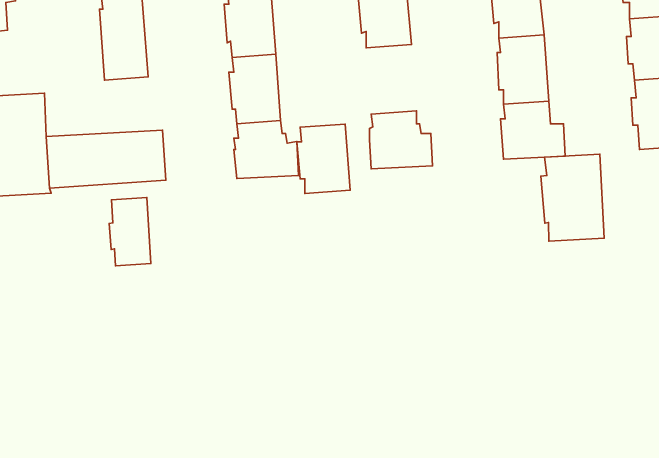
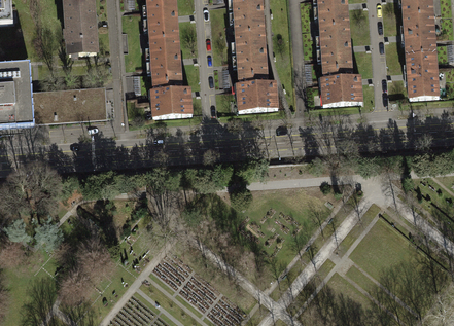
building: [297,124,350,194] -> [233,31,267,75]
building: [541,154,604,241] -> none
building: [109,198,151,266] -> none

